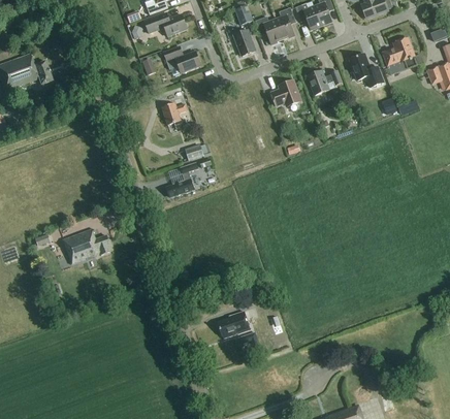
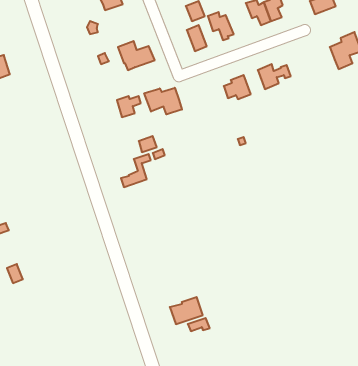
building: [275,7,296,38] -> none
building: [144,11,187,35] -> none
building: [350,54,384,87] -> none
building: none -> [144,88,182,114]
building: [63,229,112,264] -> none

